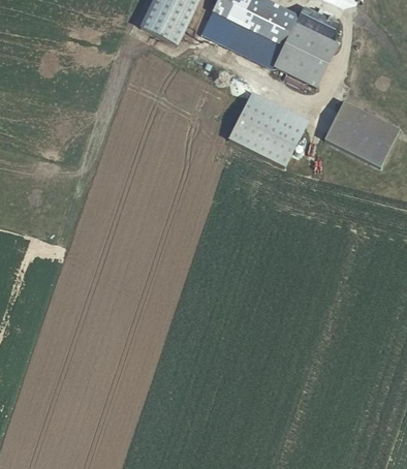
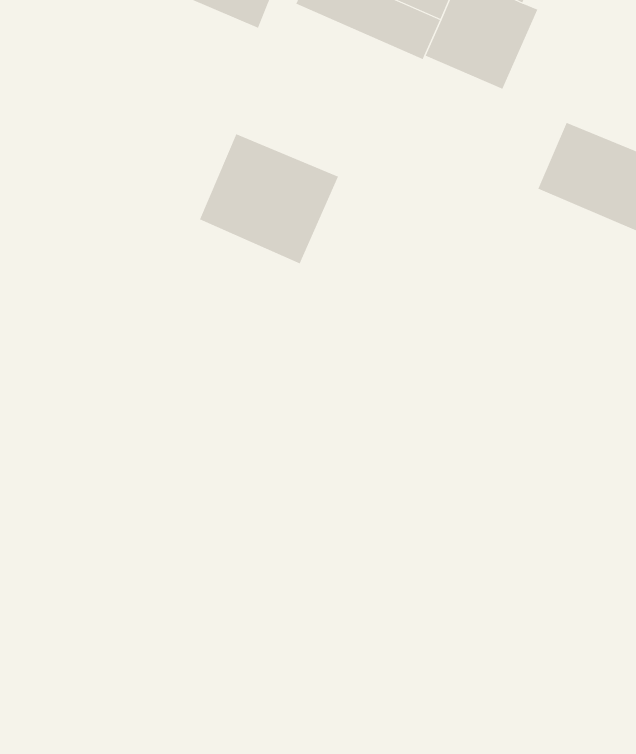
building: [231,92,311,167] -> [199,134,339,264]

